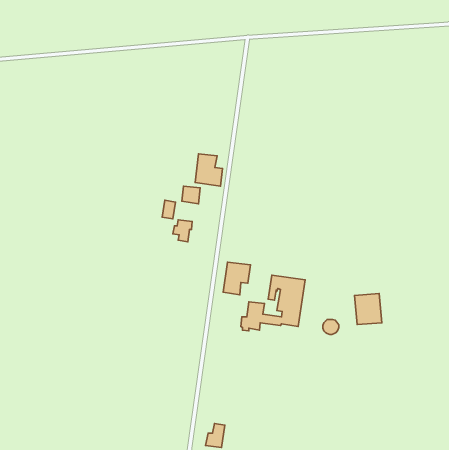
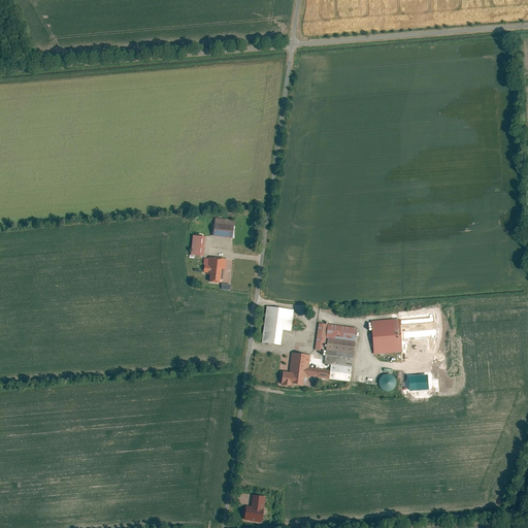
building: [195,154,223,186] -> none
building: [354,294,382,324] -> [370,318,402,354]

